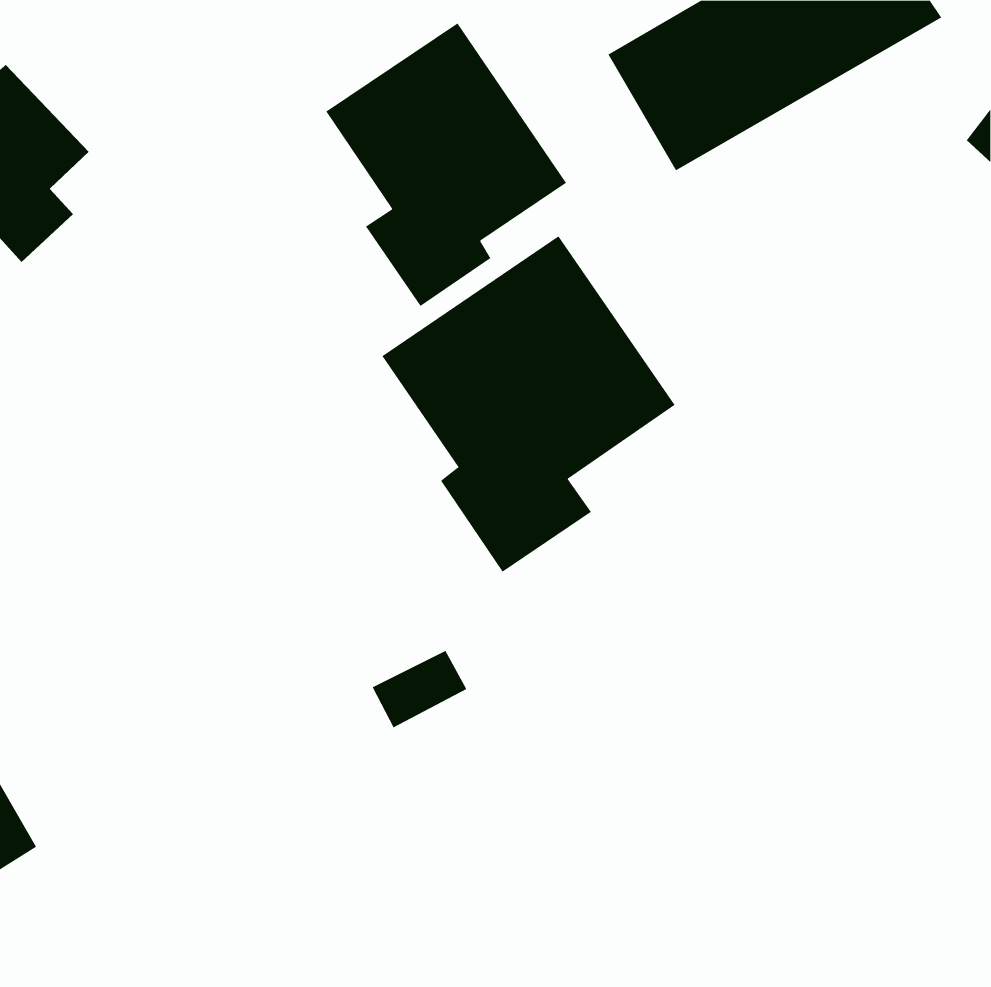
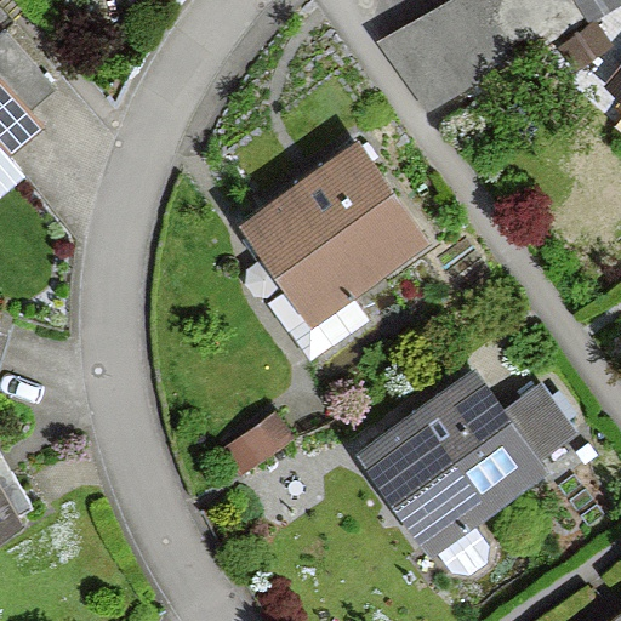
building: [325,22,567,307] -> none
building: none -> [354,360,577,549]

